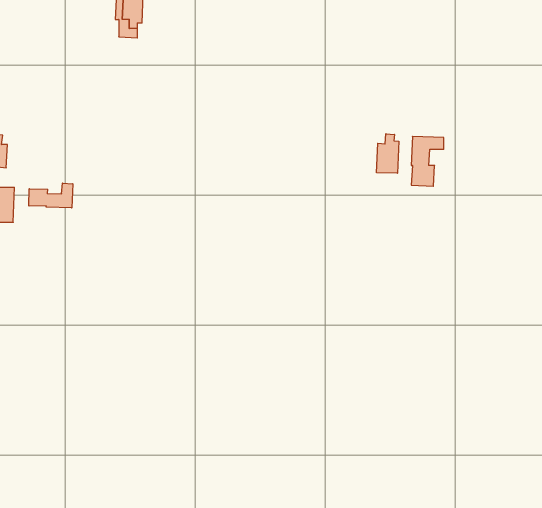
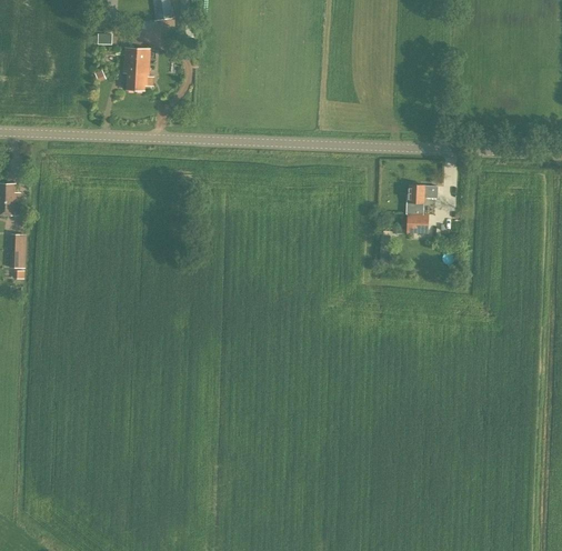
building: [377,134,399,173] -> none
building: [29,183,73,208] -> none

